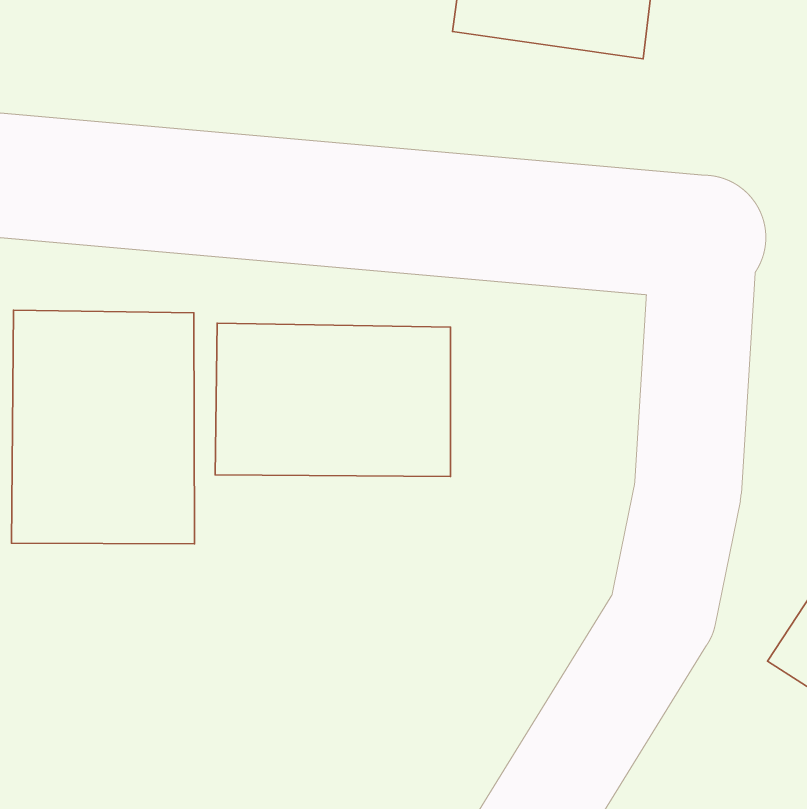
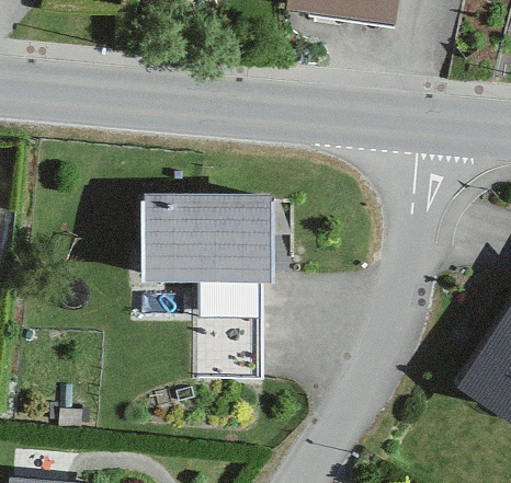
building: [12,310,194,544] -> none

